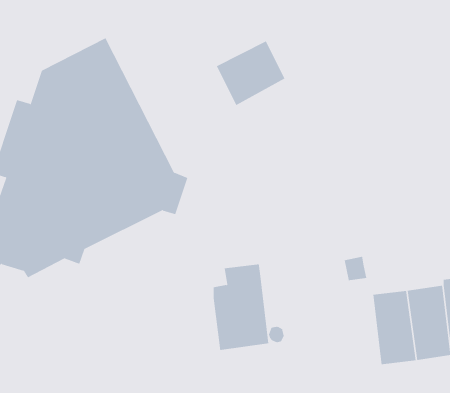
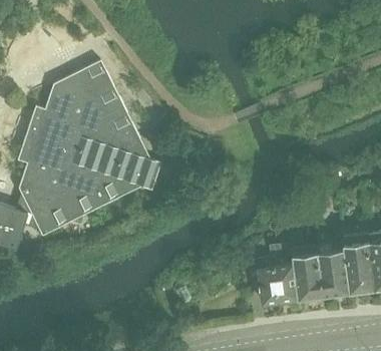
building: [216,40,285,106] -> none
building: [213,264,269,351] -> [260,241,301,304]

